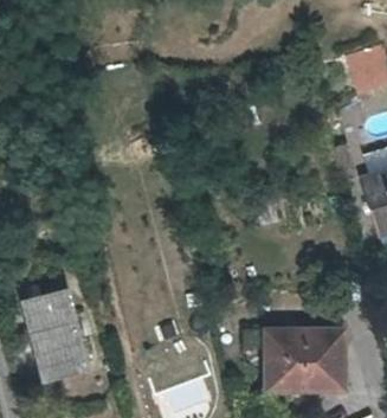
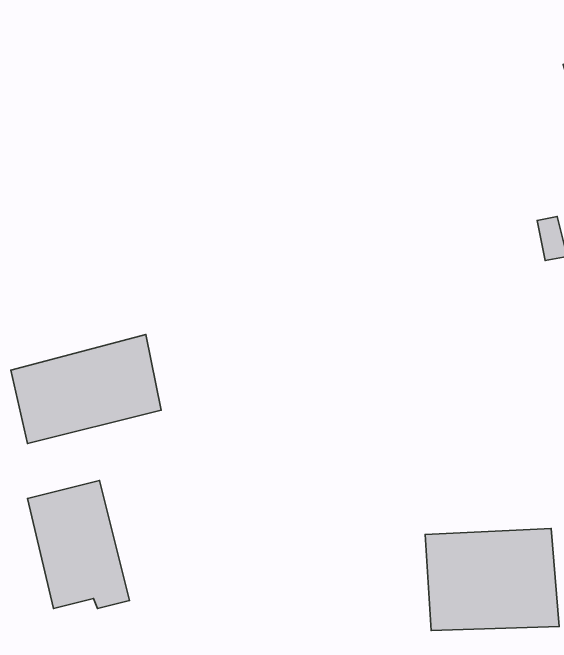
building: none -> [11,335,161,444]

